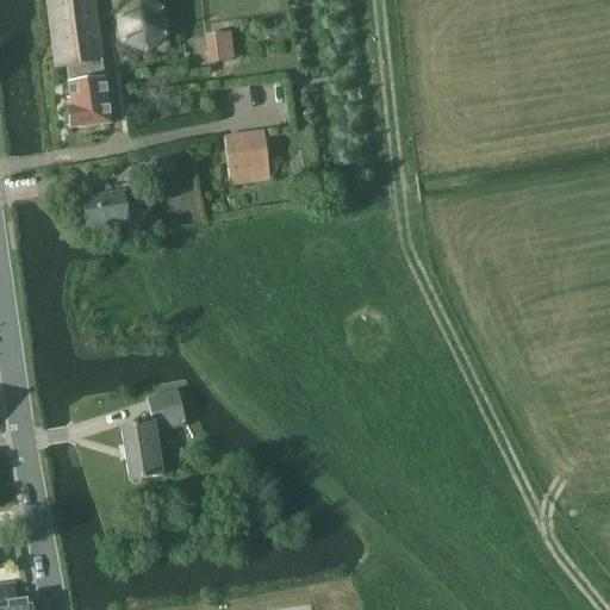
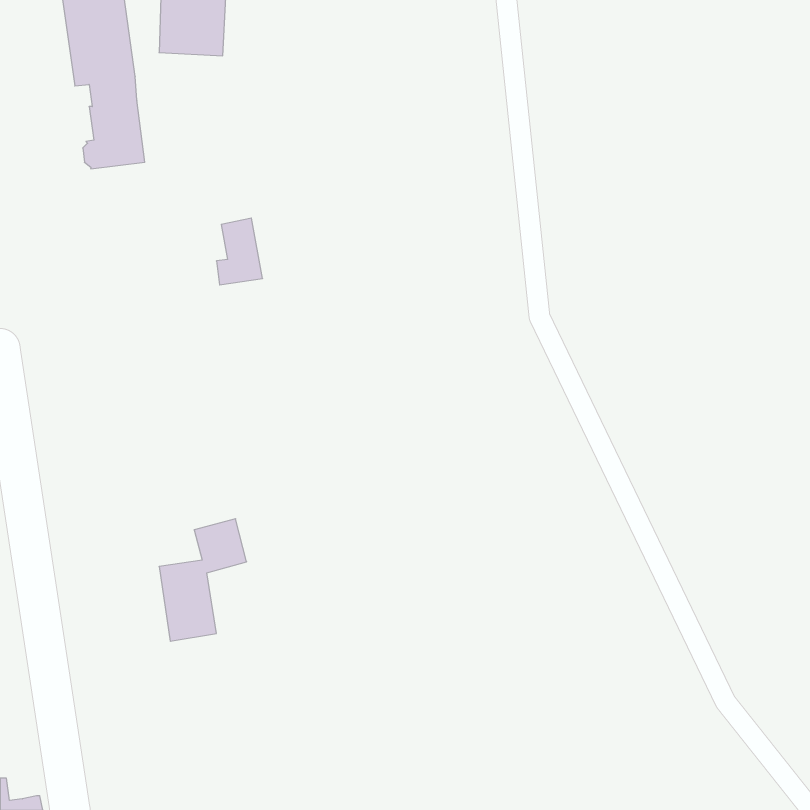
building: [205,31,235,62] -> none
building: [225,131,272,183] -> none
building: [83,189,129,228] -> none

